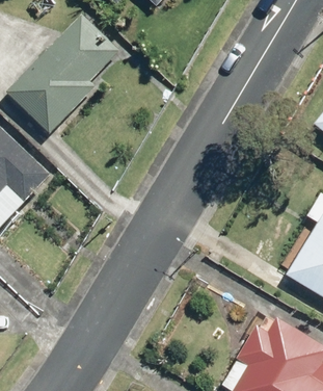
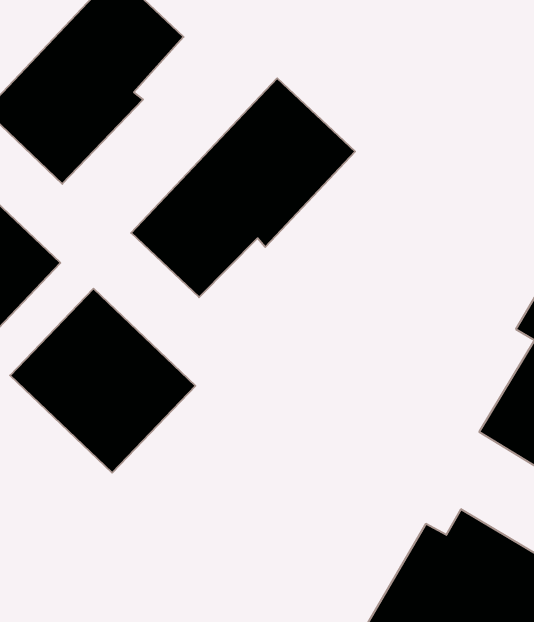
building: none -> [131,78,355,297]
building: none -> [10,289,195,473]

